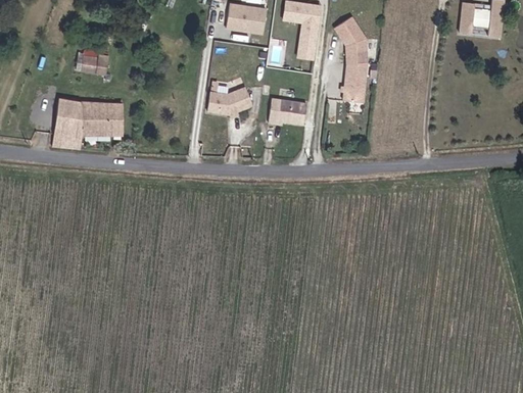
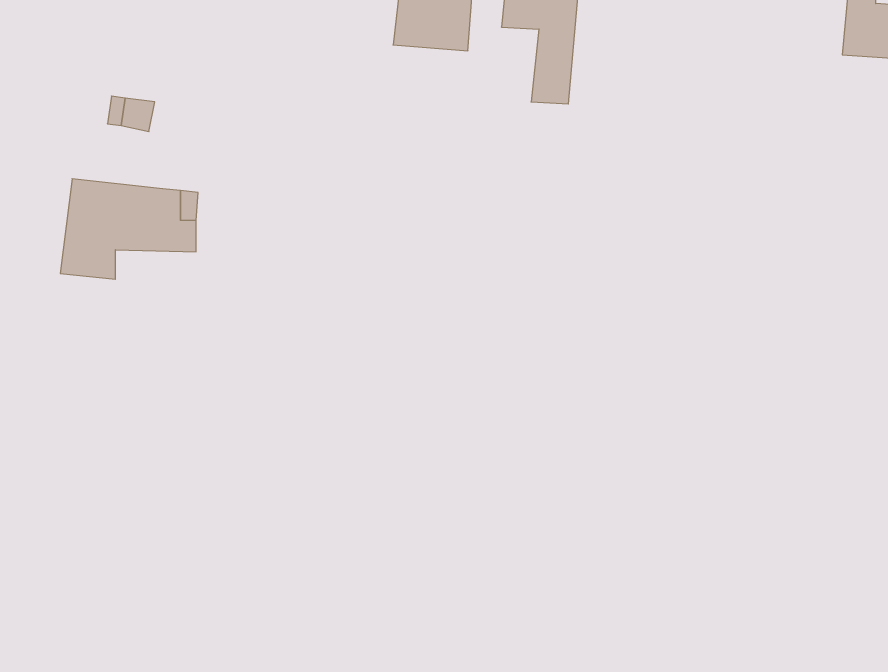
building: [332,18,366,105] -> none
building: [207,89,253,116] -> none
building: [269,99,306,125] -> none

